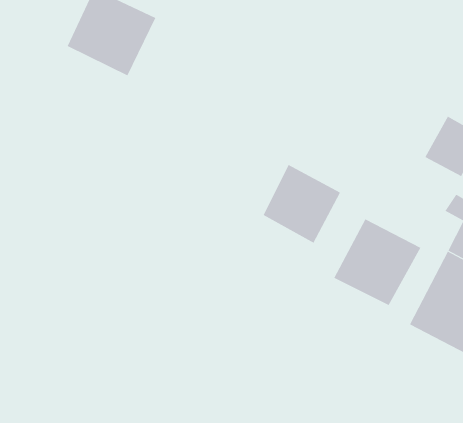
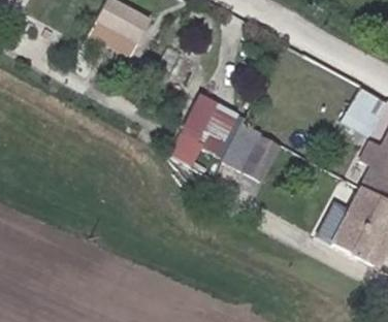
building: none -> [166,94,235,167]
building: [334,218,421,306] -> none

